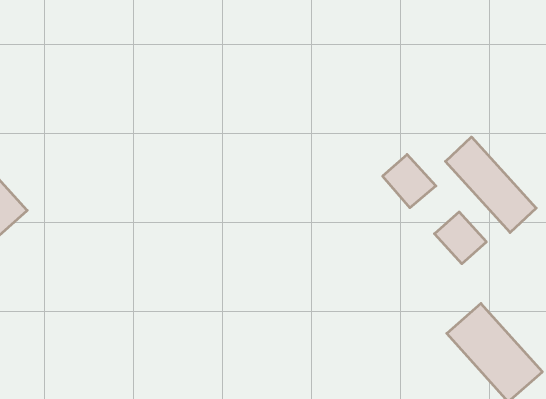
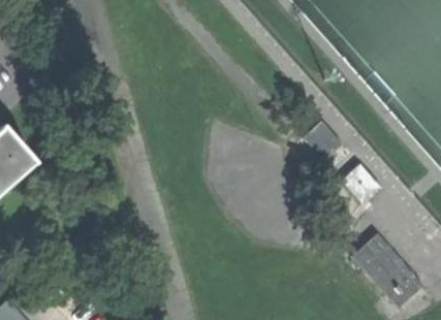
building: [445,137,536,233] -> none

